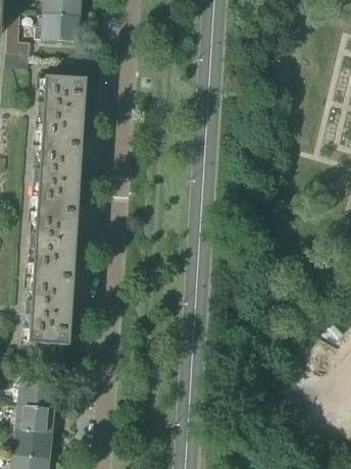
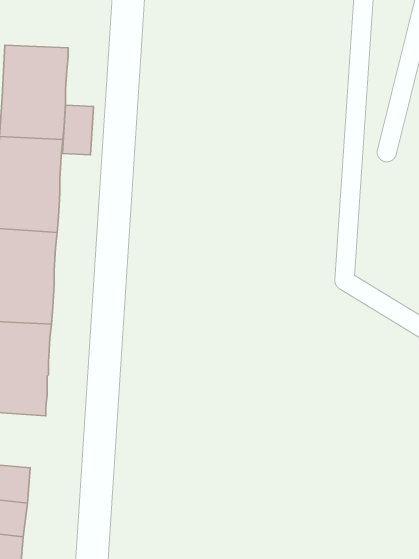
building: none -> [62,105,93,155]

